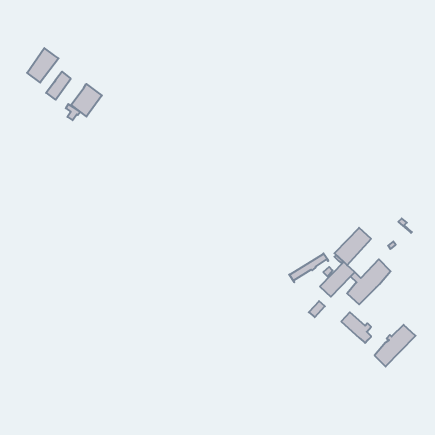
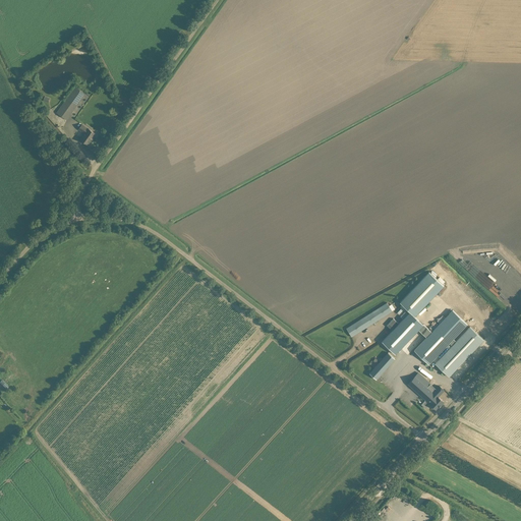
building: [27,48,59,83] -> none
building: [71,84,102,117] -> none
building: [375,325,416,367] -> [435,328,483,378]

